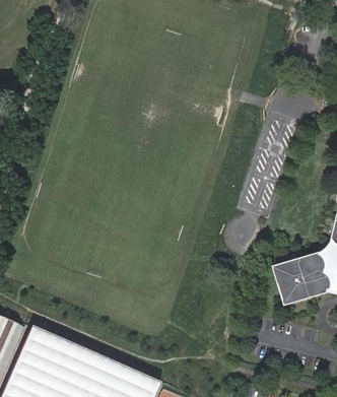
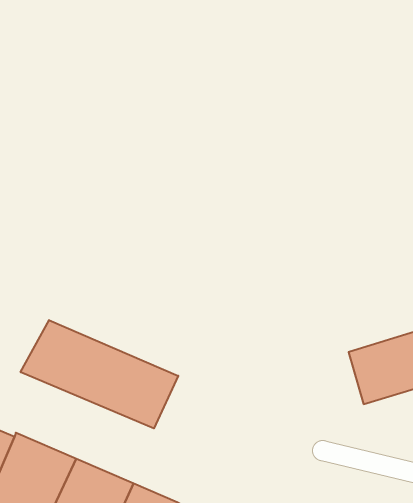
building: none -> [21,320,178,428]

